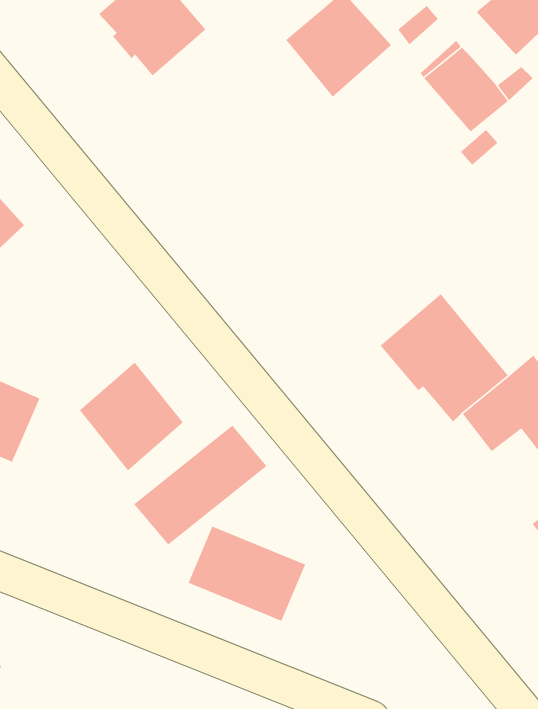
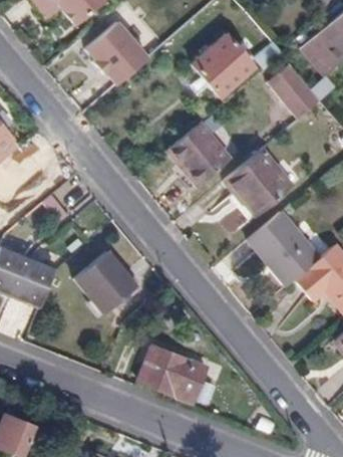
building: none -> [167,122,231,183]
building: none -> [225,151,292,216]
building: [133,425,267,546] -> none

